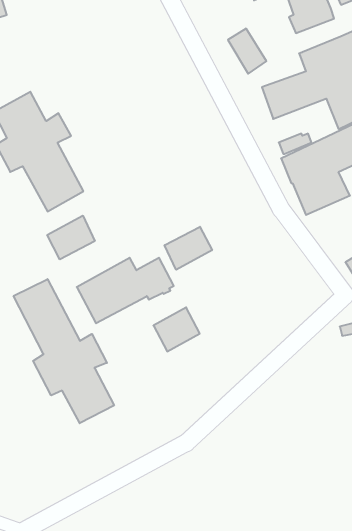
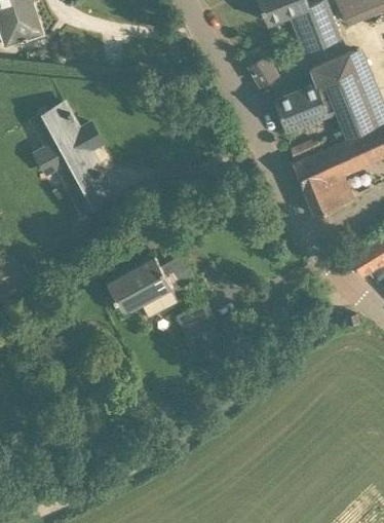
building: [47,216,95,259] -> none
building: [165,227,212,270] -> none
building: [14,279,114,423] -> none

